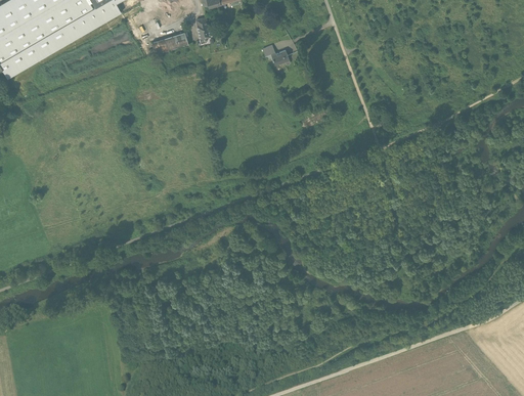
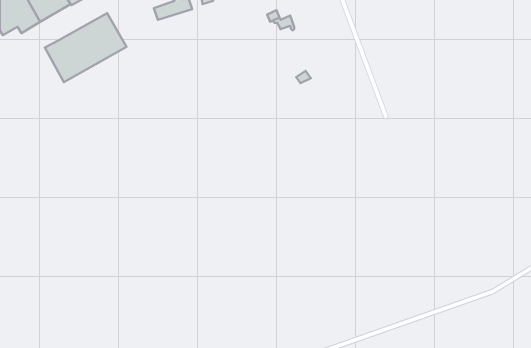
building: none -> [45,13,127,82]

